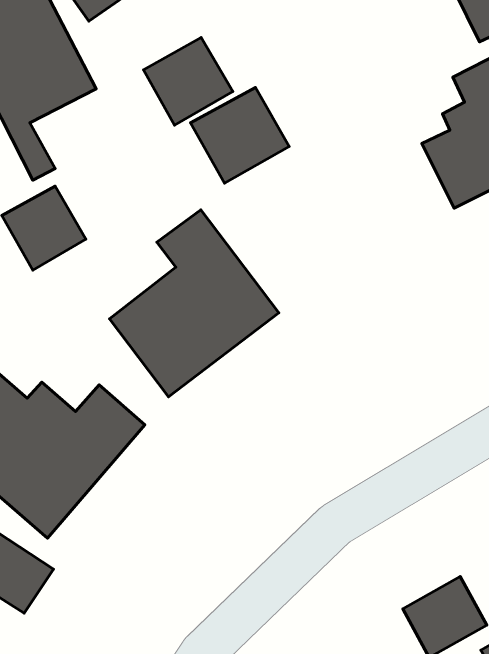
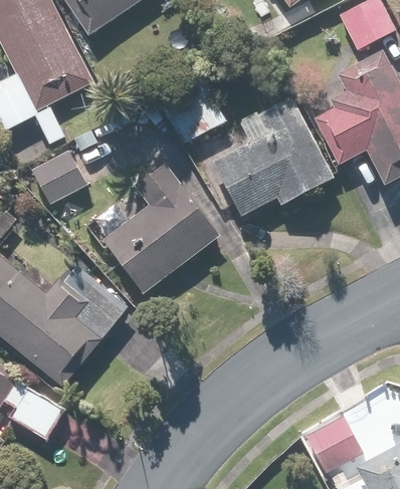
building: [144,38,233,125] -> none
building: none -> [212,99,334,217]

